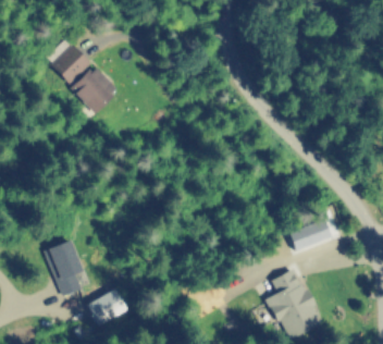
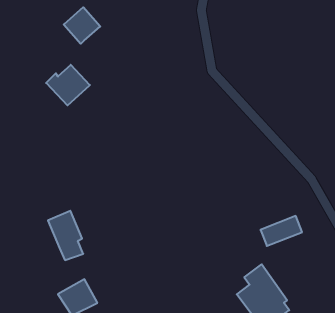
building: [49,42,86,79] -> [64,7,100,44]
building: [46,243,82,293] -> [48,211,83,260]

